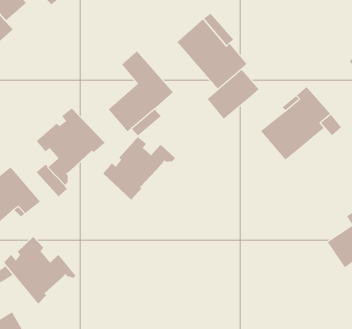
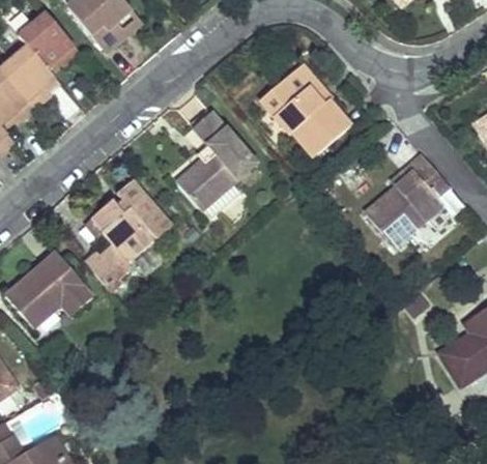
building: [207,69,259,120] -> none
building: [103,136,176,200] -> none
building: [3,236,76,304] -> none

